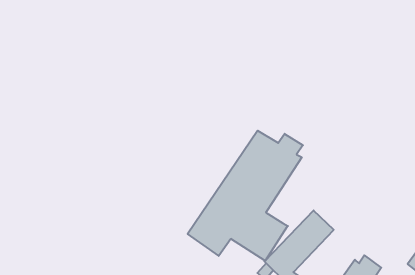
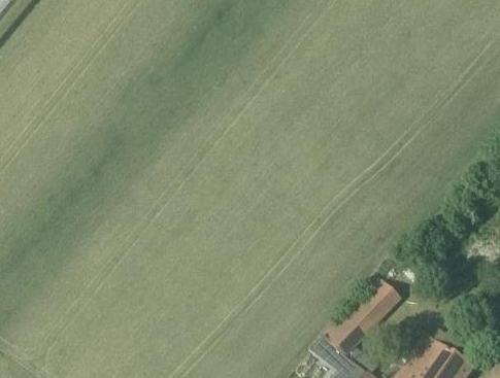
building: [188,131,303,261] -> none

